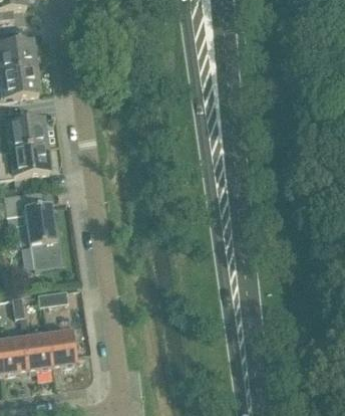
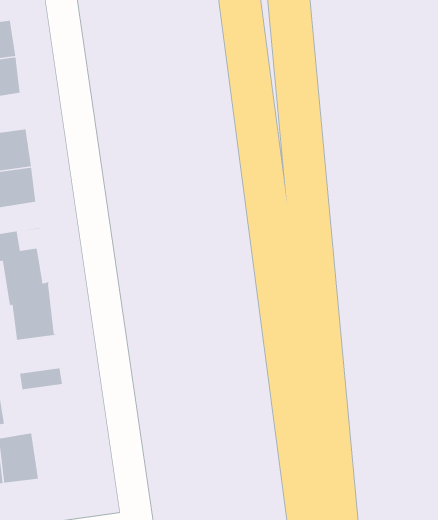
building: [46,331,77,367] -> none

